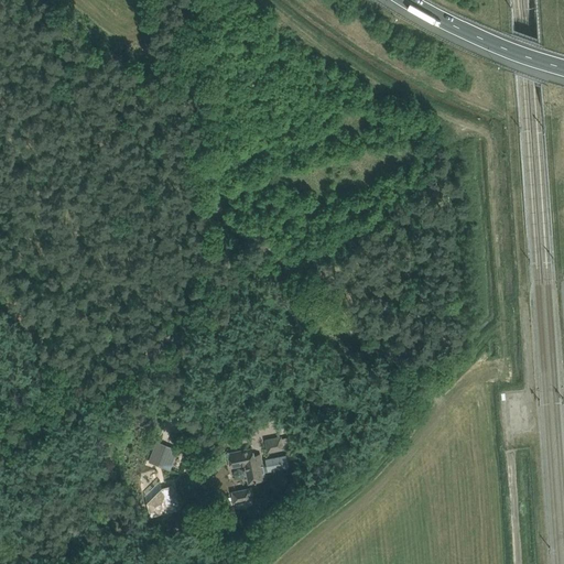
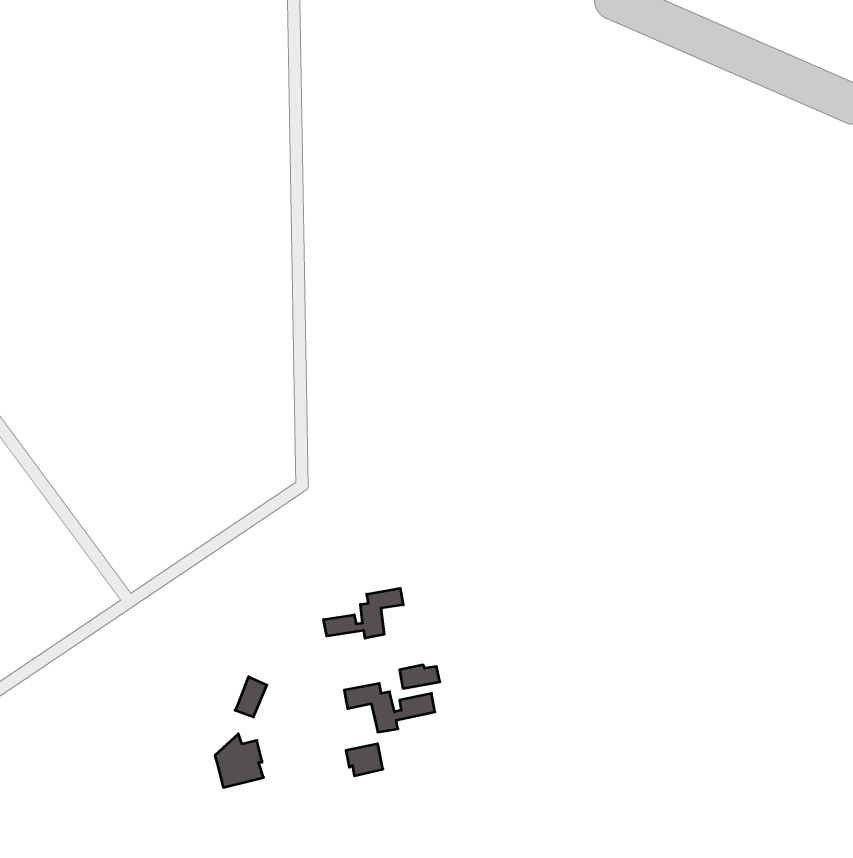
building: none -> [324,588,403,638]

